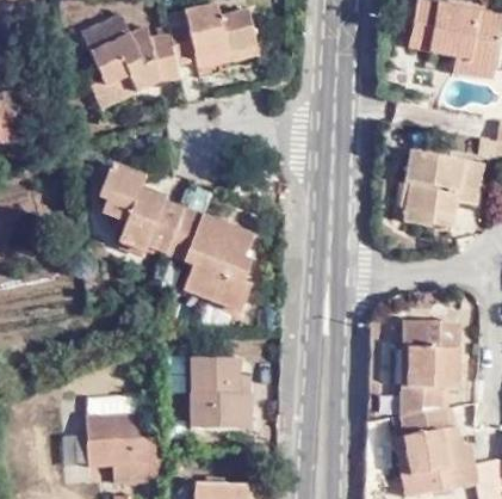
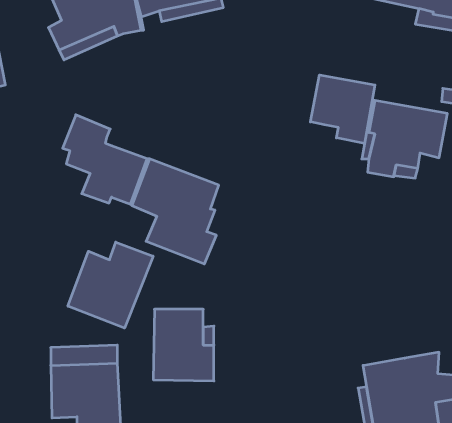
building: none -> [310,75,375,144]
building: none -> [68,242,153,328]
building: [401,320,459,414] -> none

